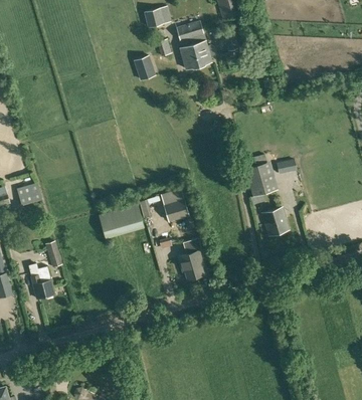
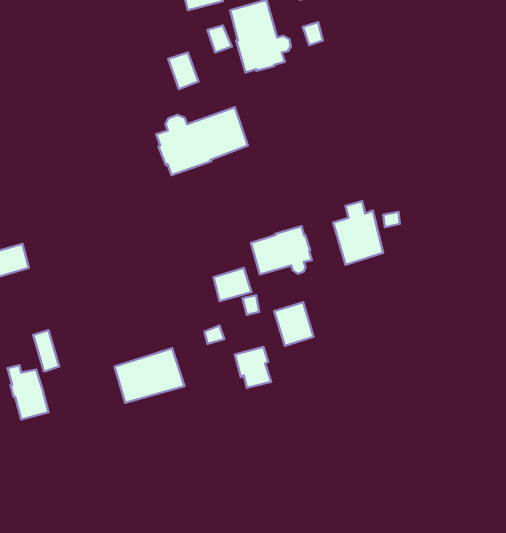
building: none -> [156,107,248,175]
building: none -> [251,226,312,275]
building: [99,203,145,239] -> [115,348,184,403]
building: [262,207,289,236] -> [274,302,314,346]

